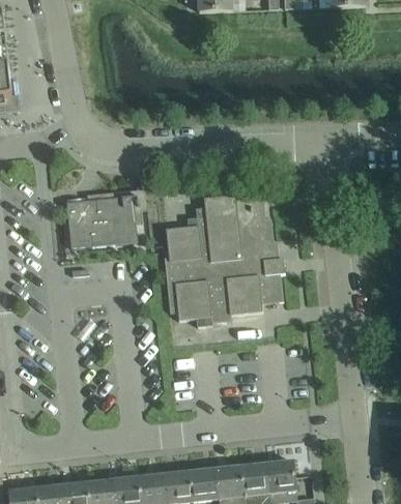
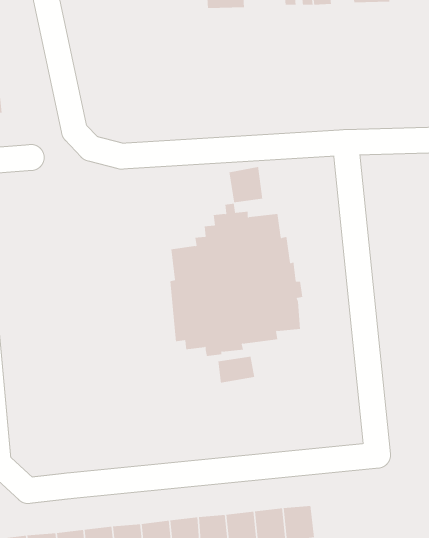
building: none -> [229,166,263,203]
building: [66,191,144,246] -> none
building: none -> [218,356,255,383]

